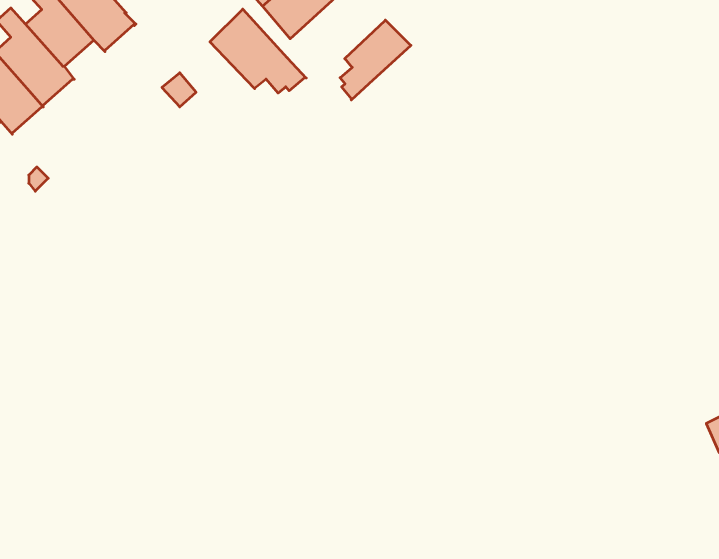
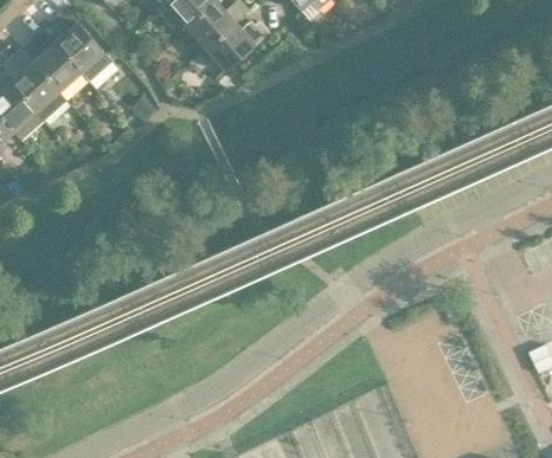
building: [210,9,306,93] -> none
building: [340,20,411,100] -> none

